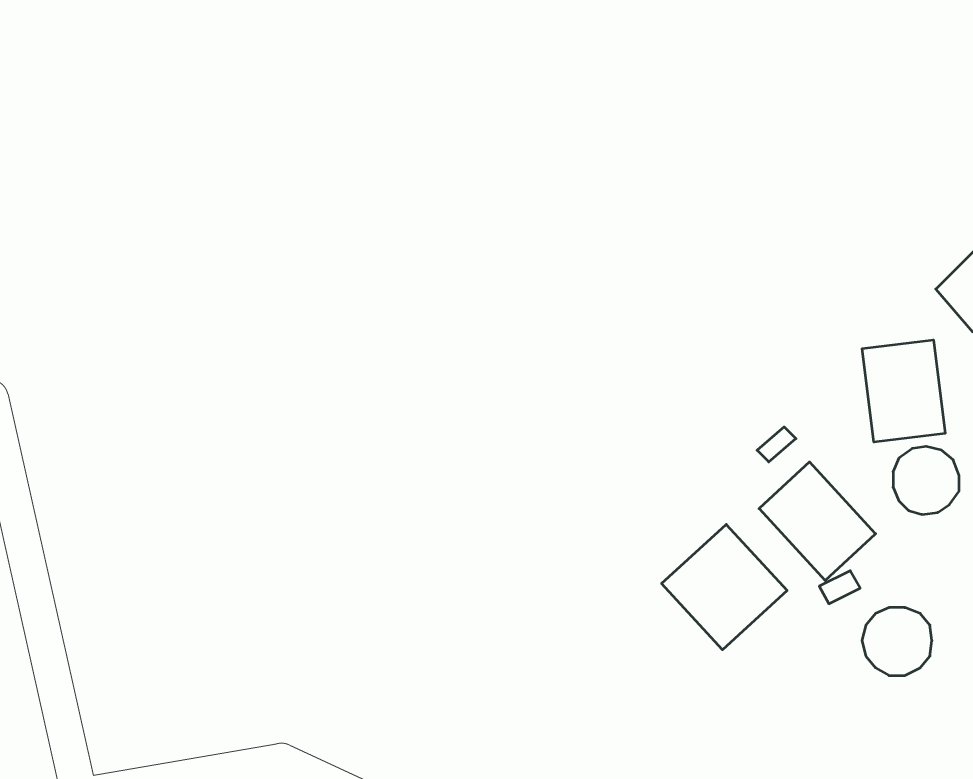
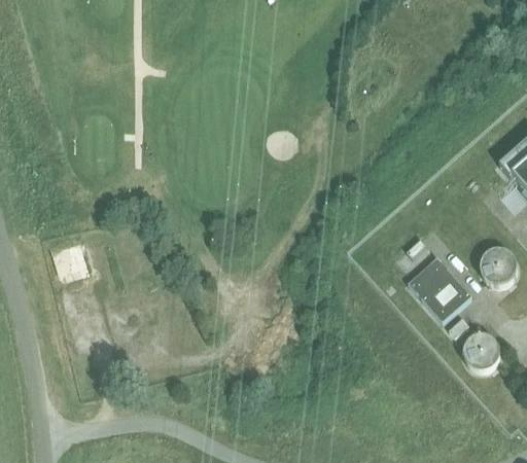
building: [862,340,945,442] -> none
building: [662,524,787,650] -> none

